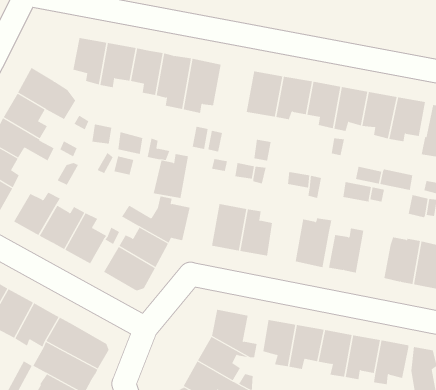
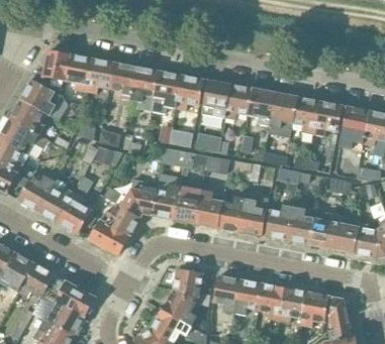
building: none -> [43,50,70,80]
building: none -> [176,76,203,110]
building: [153,154,189,199] -> [152,183,180,218]
building: none -> [218,195,246,230]
building: none -> [288,206,314,243]

